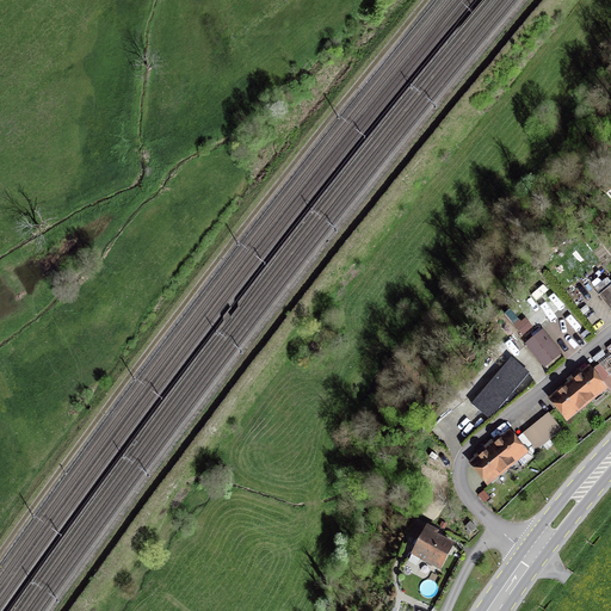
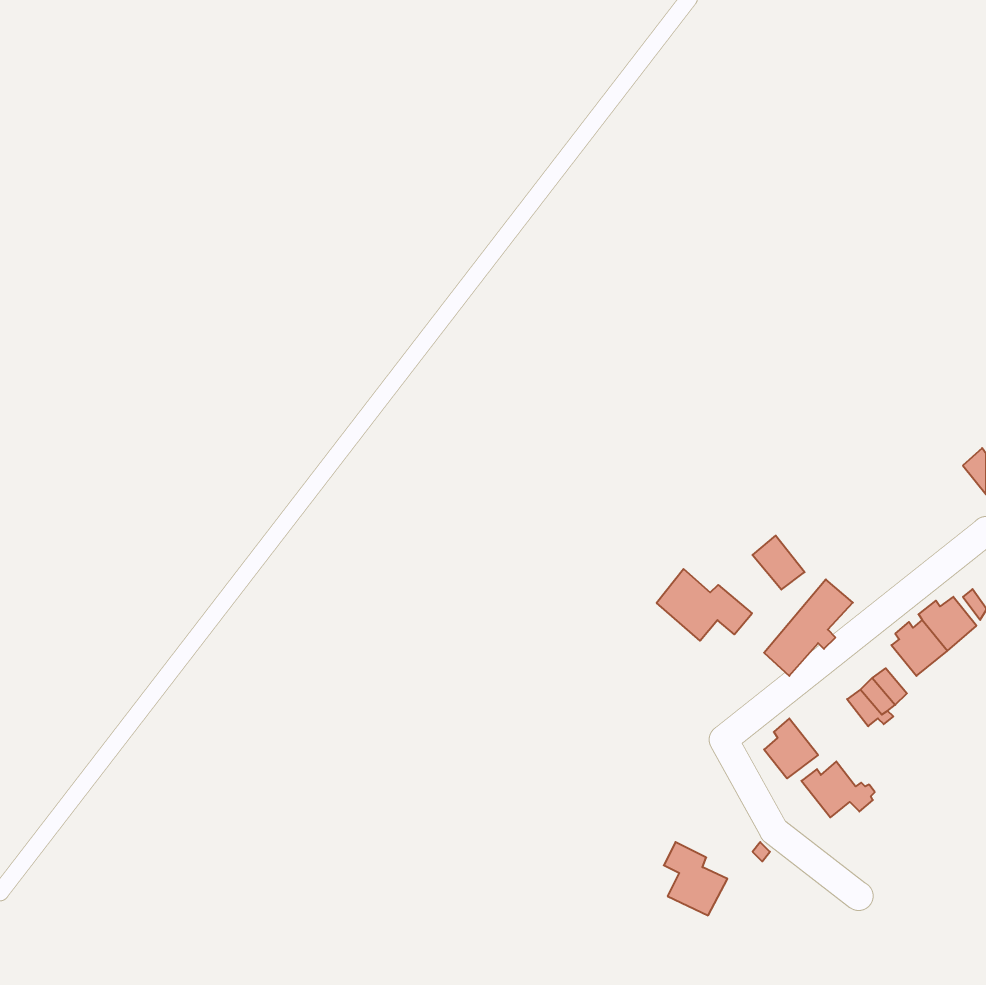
building: [526,331,558,364] -> [752,536,805,590]
building: none -> [657,569,752,641]
building: [488,432,533,467] -> [801,761,875,817]

